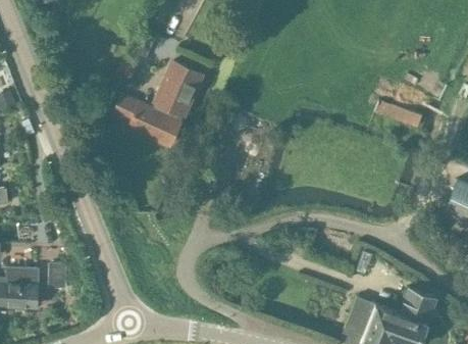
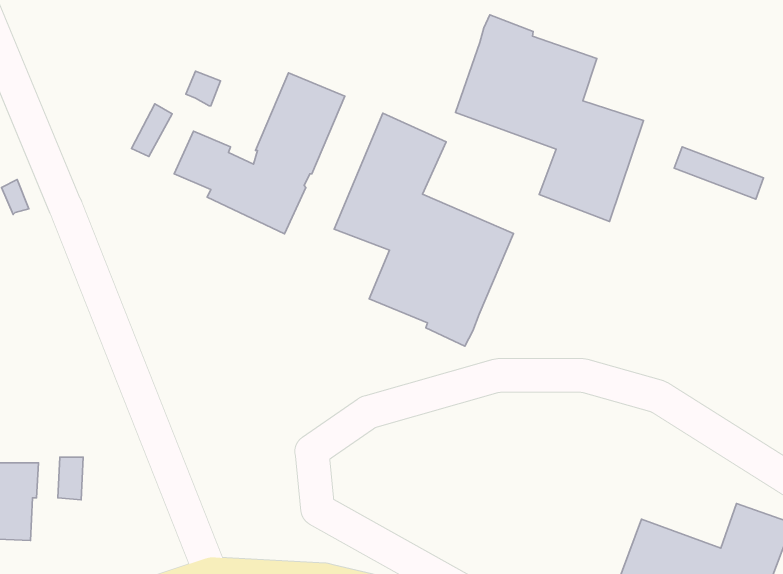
building: none -> [455,15,643,221]
building: none -> [334,113,514,346]

